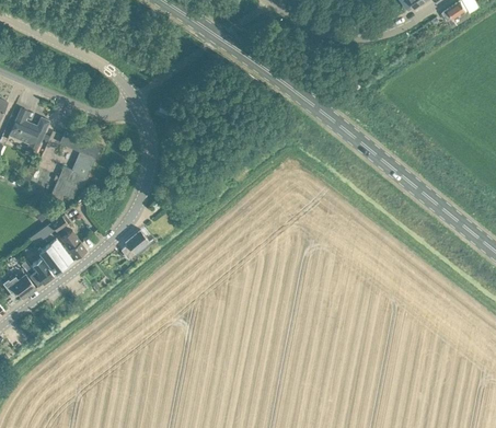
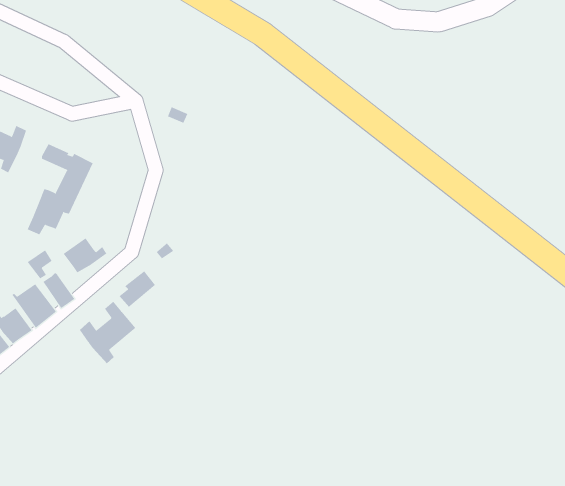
building: none -> [63,238,107,273]
building: none -> [79,301,136,364]

